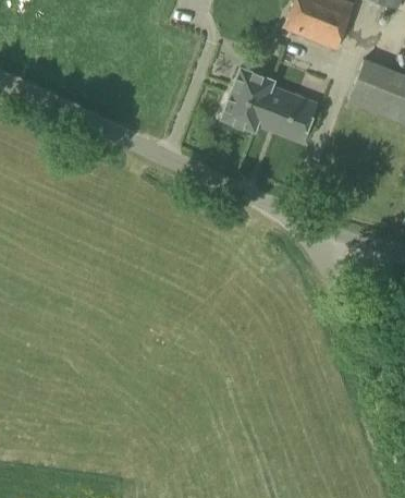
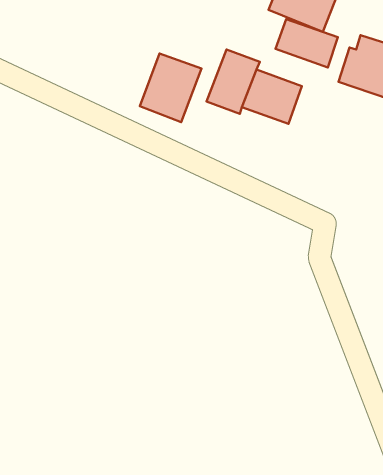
building: none -> [275,19,338,67]
building: none -> [140,54,202,122]

